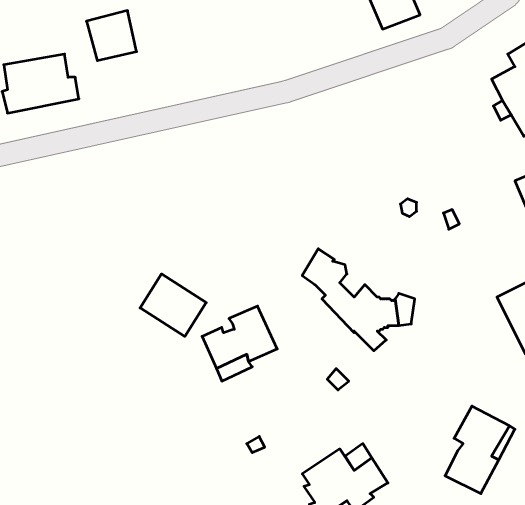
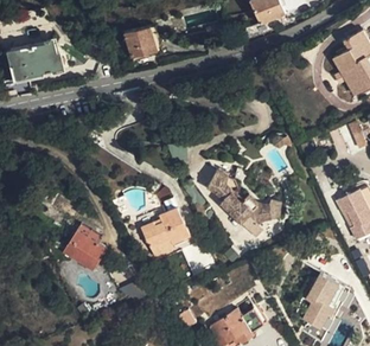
building: [86,11,137,61] -> [125,25,158,58]
building: [140,274,206,336] -> [63,230,107,271]

